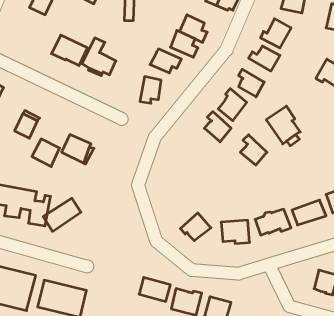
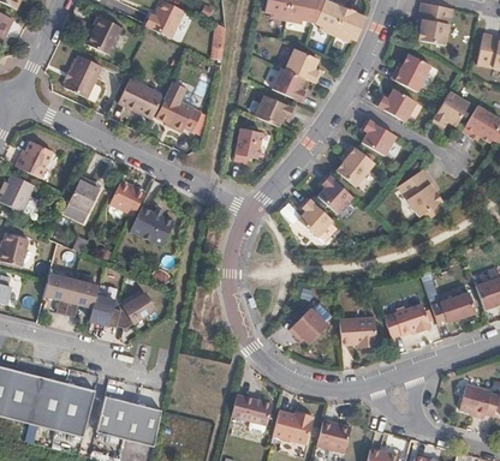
building: none -> [62,53,102,96]
building: none -> [430,94,468,128]
building: [240,135,267,165] -> [296,199,331,239]
building: [32,139,60,167] -> [108,179,144,215]

